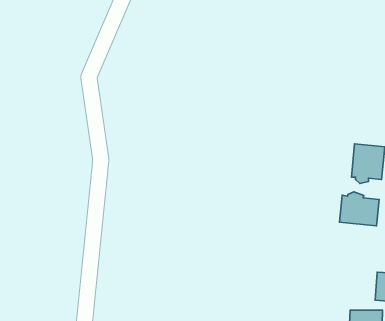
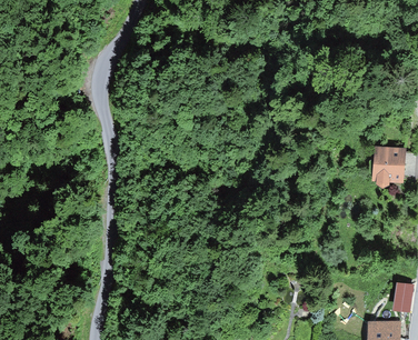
building: [339,192,379,226] -> none

